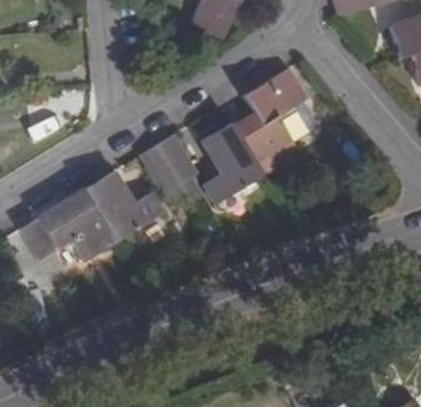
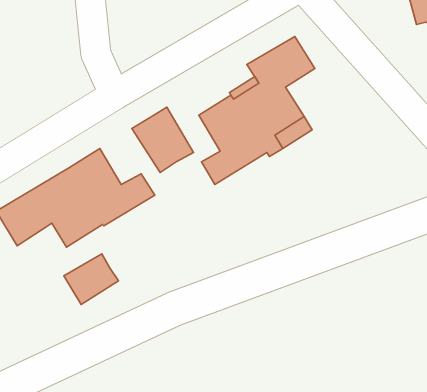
building: none -> [64,254,119,305]

